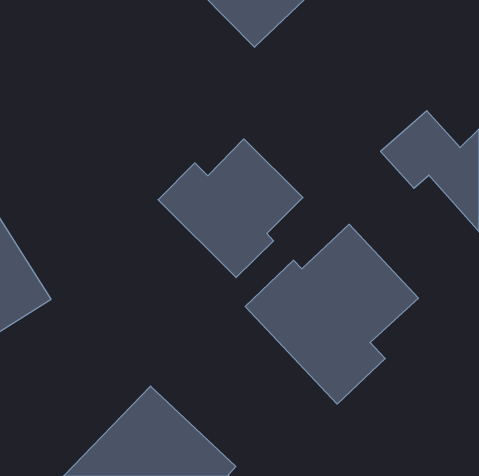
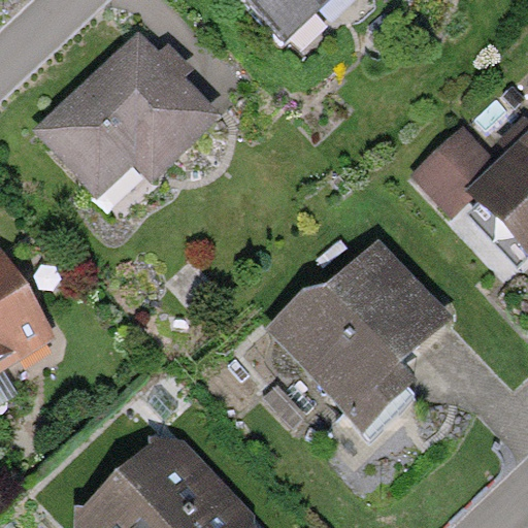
building: none -> [33,45,211,223]
building: [158,139,303,278] -> none

